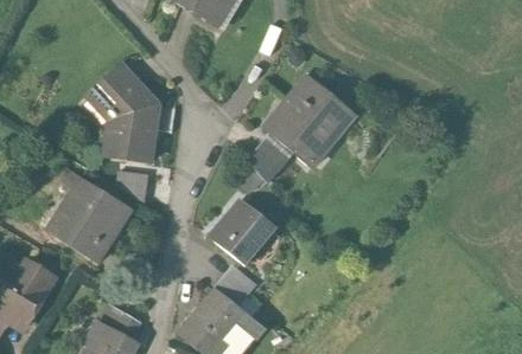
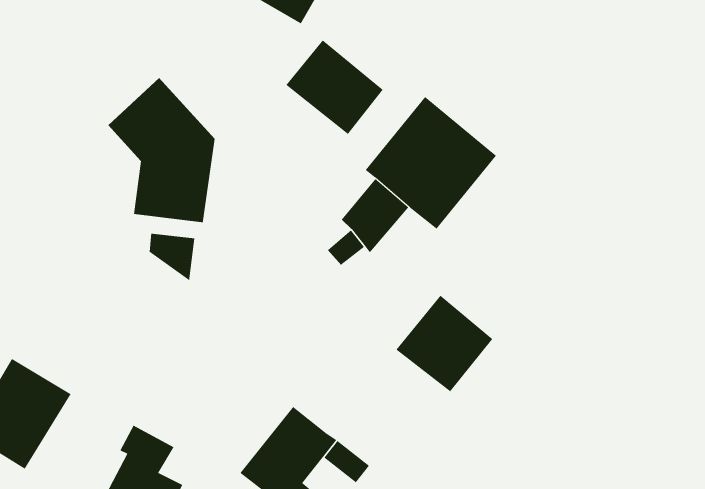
building: none -> [285,39,384,135]
building: [46,176,132,262] -> none
building: [209,197,276,264] -> [396,295,493,392]
building: [214,264,256,307] -> none

